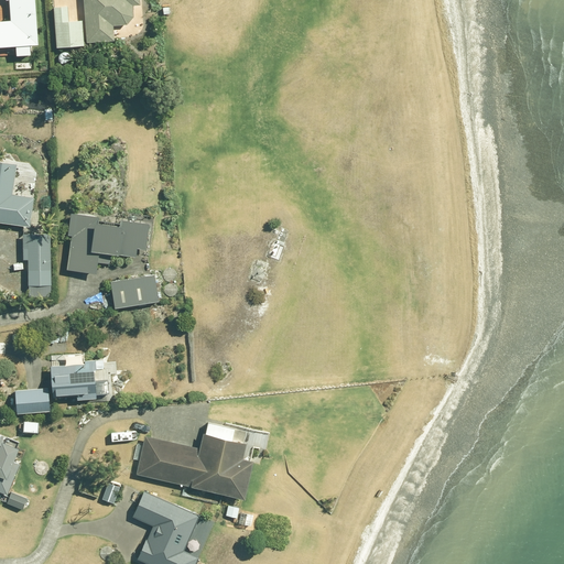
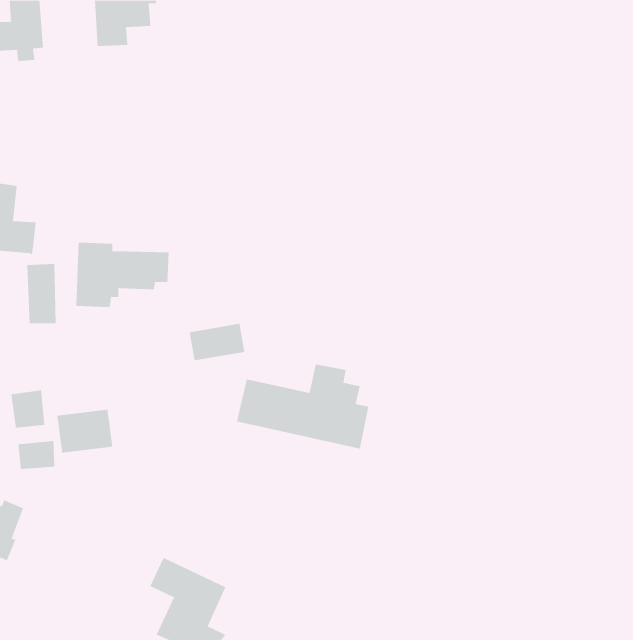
building: [53,7,83,46] -> none
building: [109,274,159,307] -> [189,323,245,361]
building: none -> [11,389,45,429]
building: [137,423,253,498] -> [236,364,369,449]

